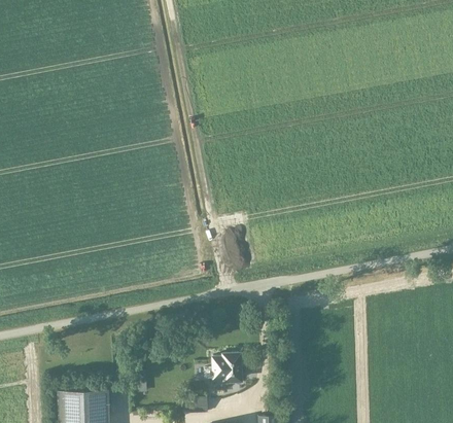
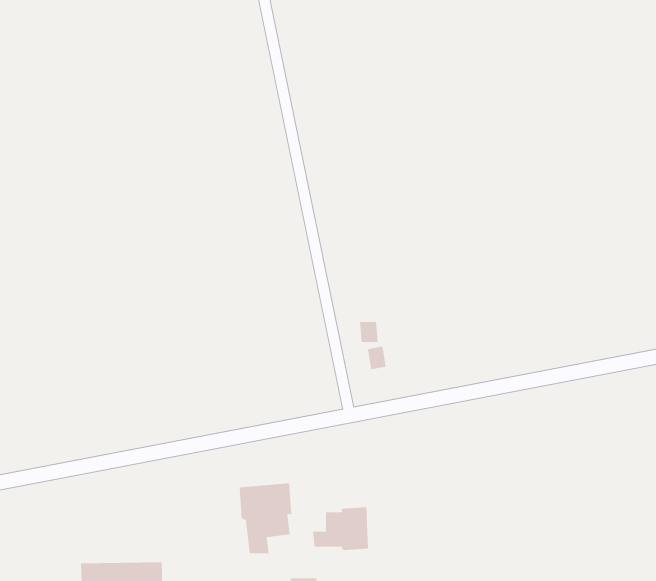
building: none -> [239,482,292,554]

